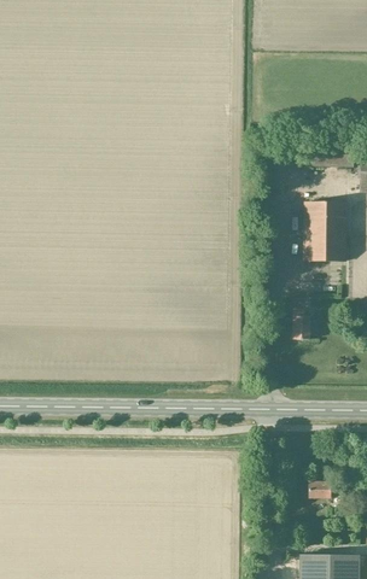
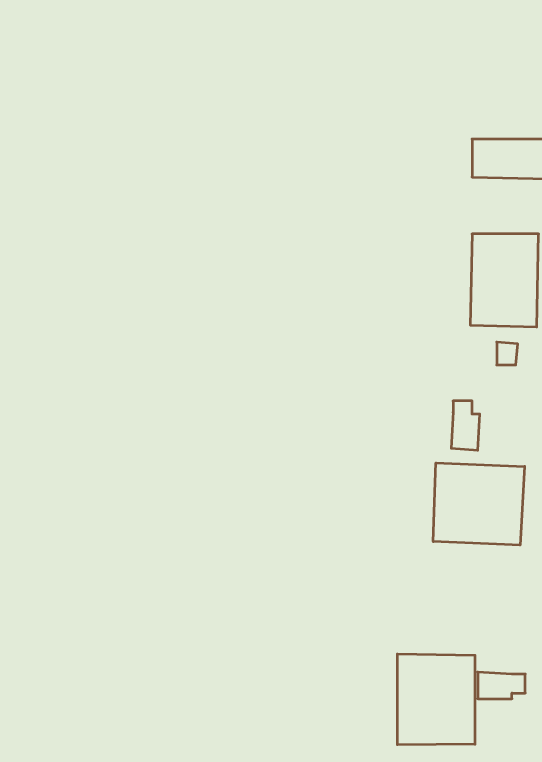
building: none -> [433,463,525,545]
building: none -> [397,654,475,745]

